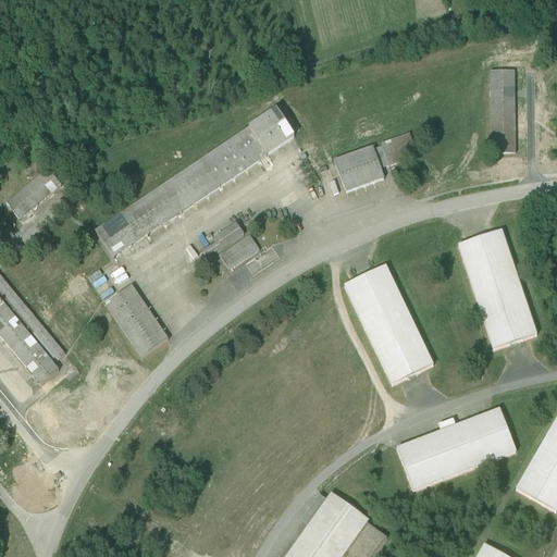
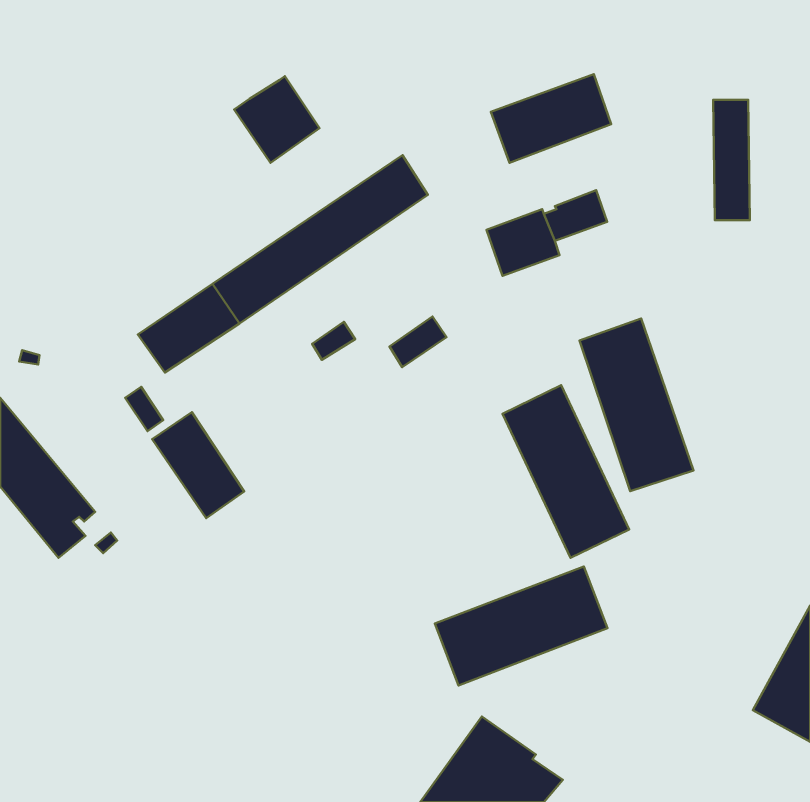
building: none -> [491,74,611,163]
building: none -> [234,76,320,163]
building: [7,168,61,218] -> none
building: [458,228,536,347] -> [579,318,693,491]
building: [220,233,259,268] -> [390,317,447,367]
building: [397,407,516,488] -> [435,566,608,685]

